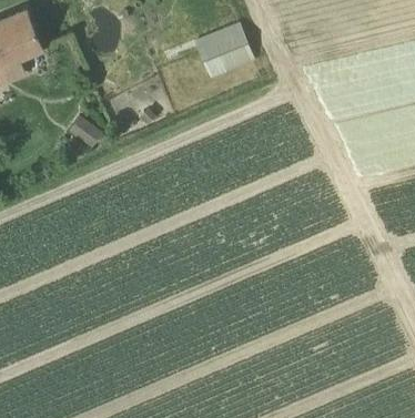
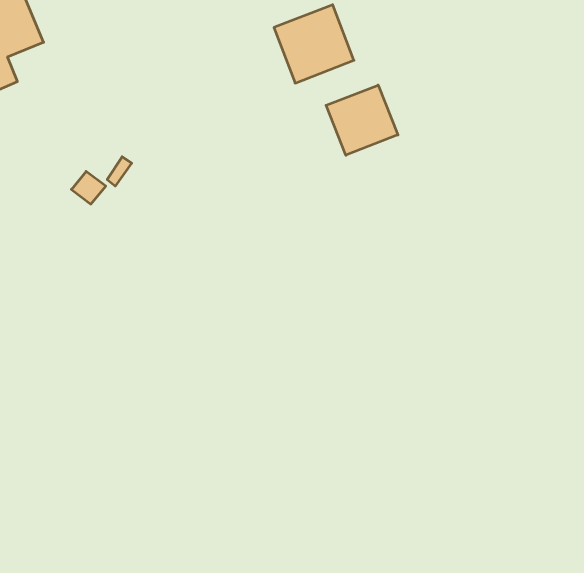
building: none -> [326,85,398,155]

